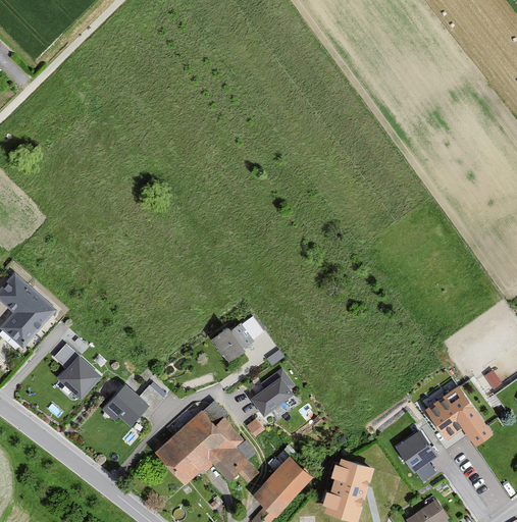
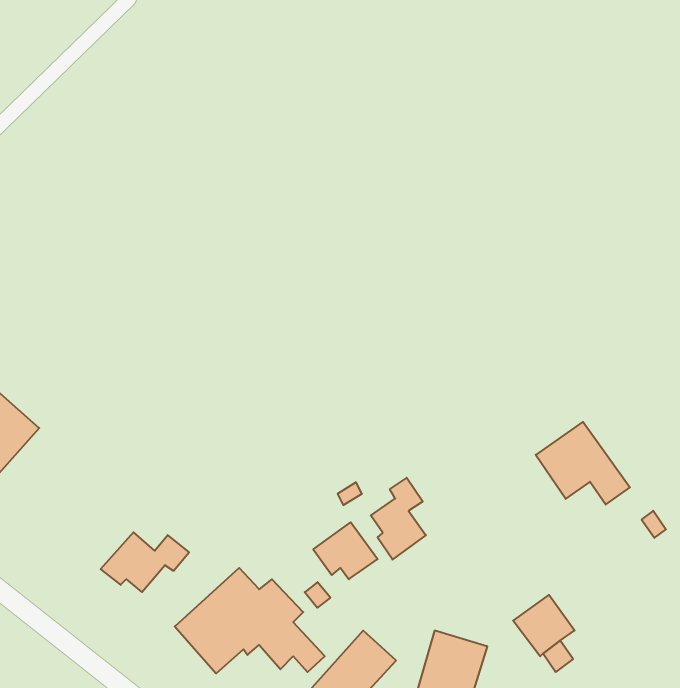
building: [209,323,253,361] -> none
building: [53,345,100,399] -> none
building: none -> [371,478,426,560]
building: [426,385,494,445] -> [536,422,630,505]

